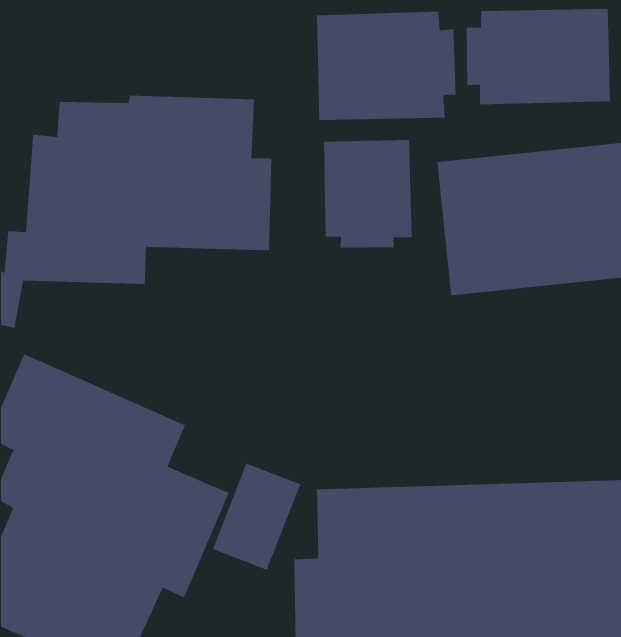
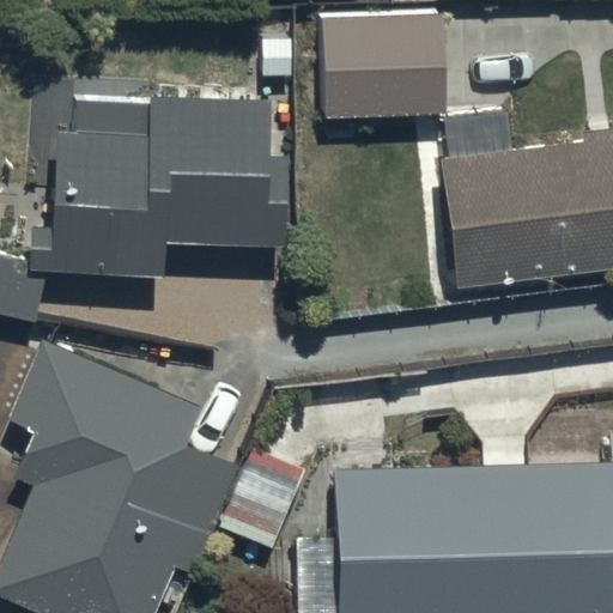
building: [466,8,611,105] -> none
building: [324,139,412,248] -> none

